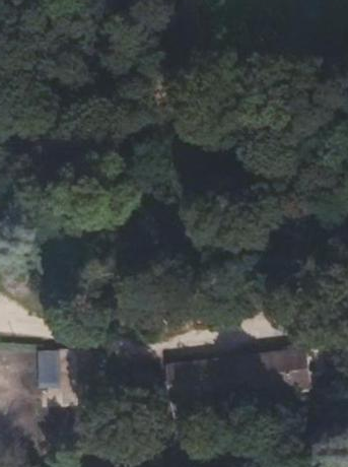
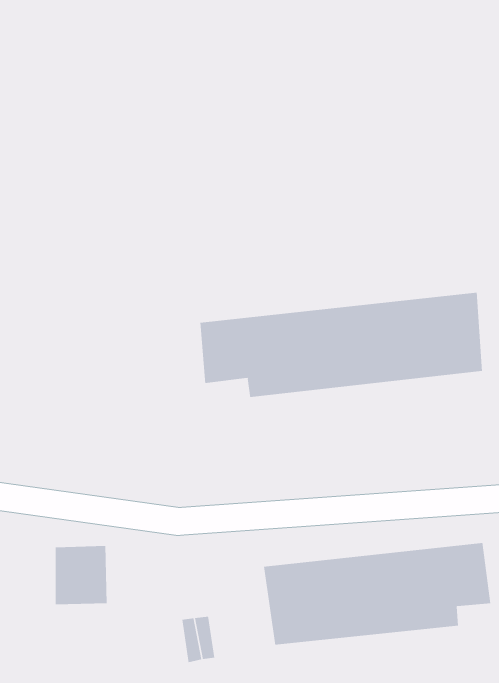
building: none -> [200,292,482,398]

